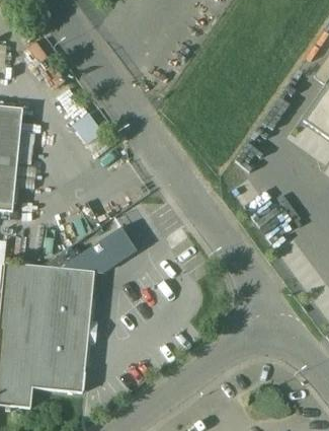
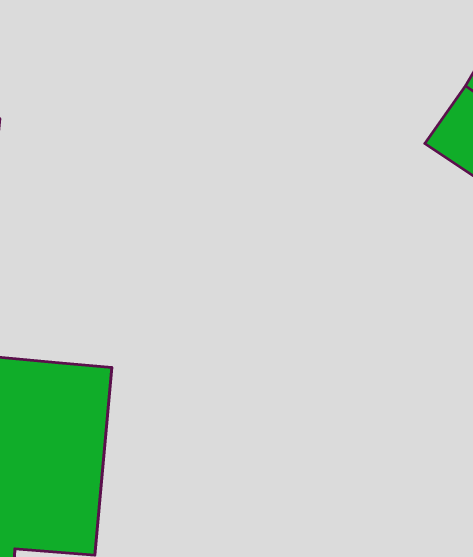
building: [61,225,138,271] -> none

